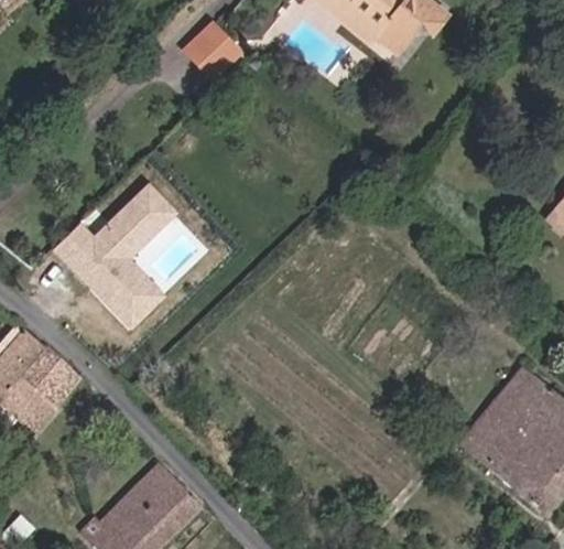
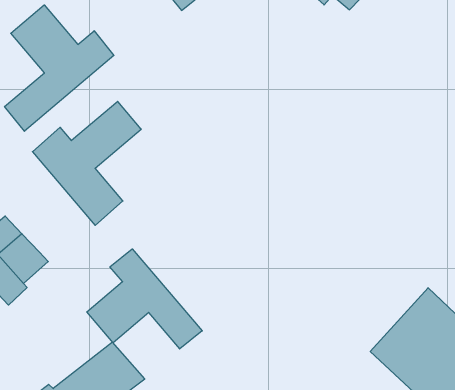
building: none -> [5,5,114,131]
building: none -> [87,249,202,349]

